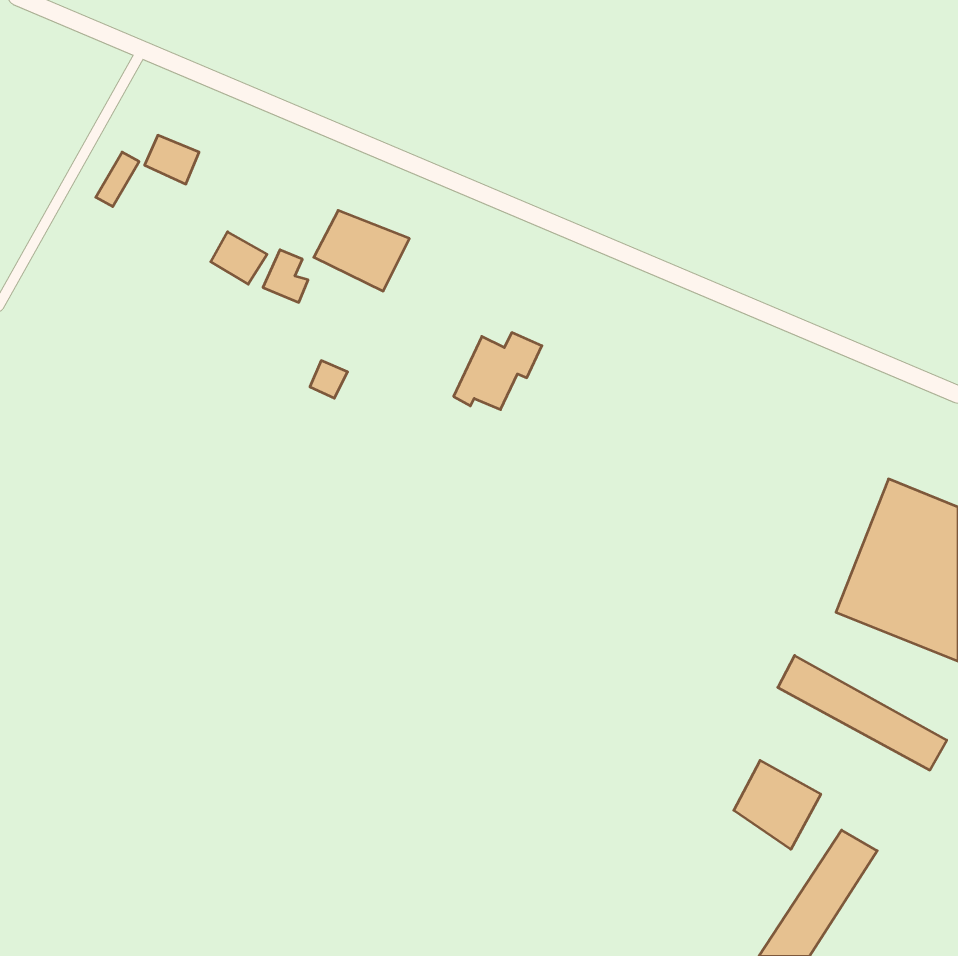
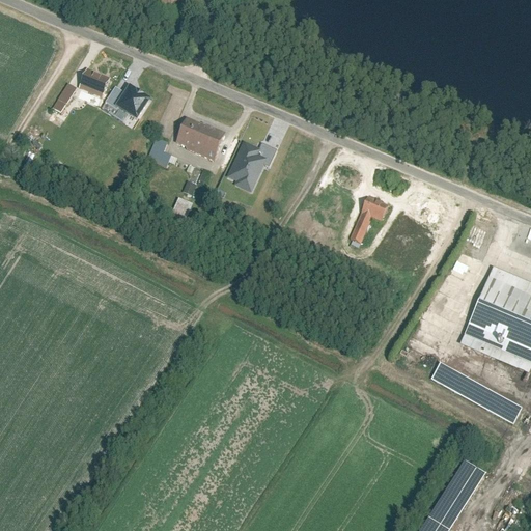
building: [211,232,267,284] -> [117,89,148,118]
building: [454,333,542,410] -> [228,144,277,187]
building: none -> [354,197,388,237]
building: [734,760,821,849] -> none

